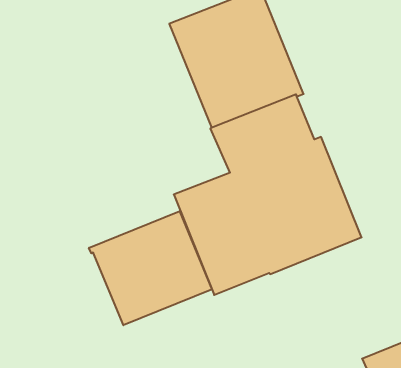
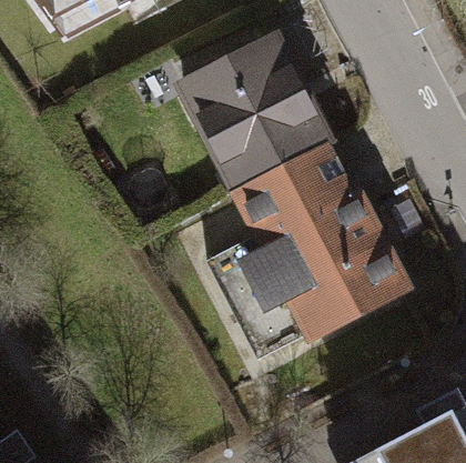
building: [89,211,212,325] -> none

